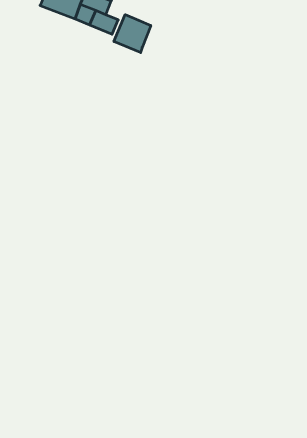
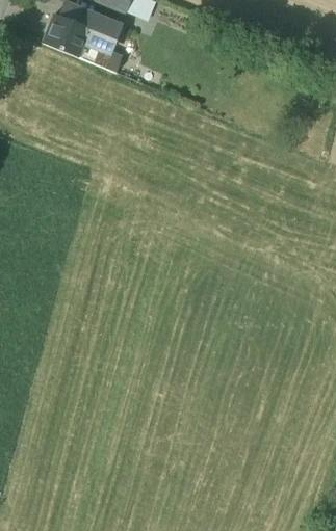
building: [114,15,151,53] -> none

